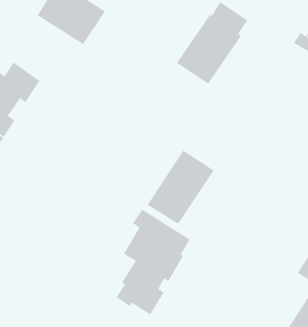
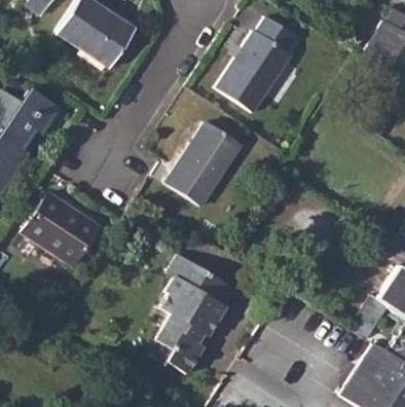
building: [147,150,214,225] -> [165,120,243,206]
building: none -> [23,191,101,265]

